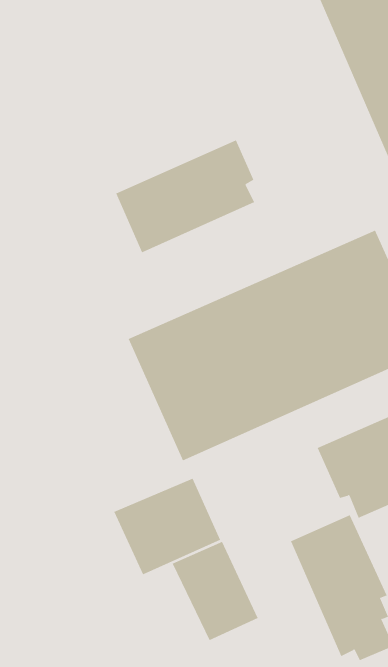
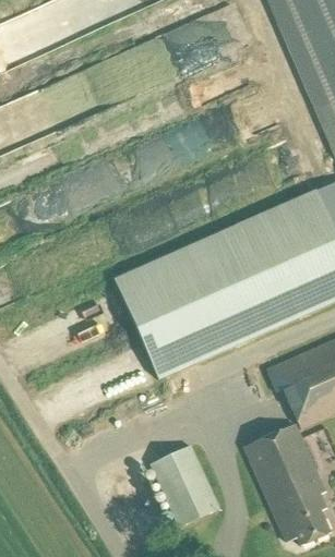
building: [116,139,255,253] -> none
building: [114,478,221,575] -> none

